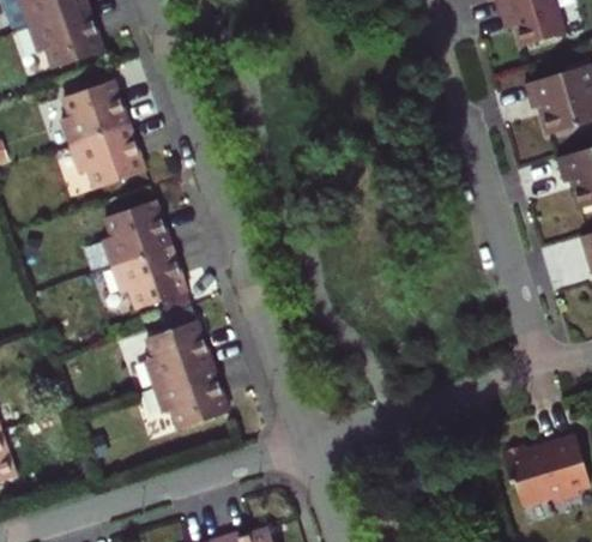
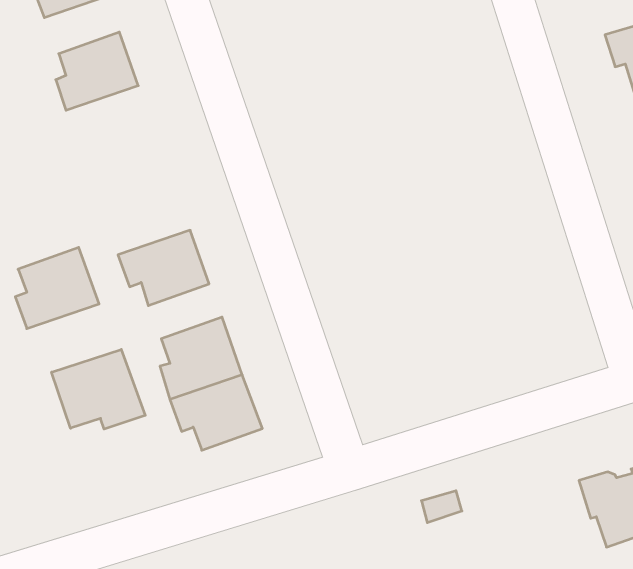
building: [71,125,147,188] -> none
building: [104,198,174,265] -> [15,247,99,329]
building: none -> [52,349,145,429]

